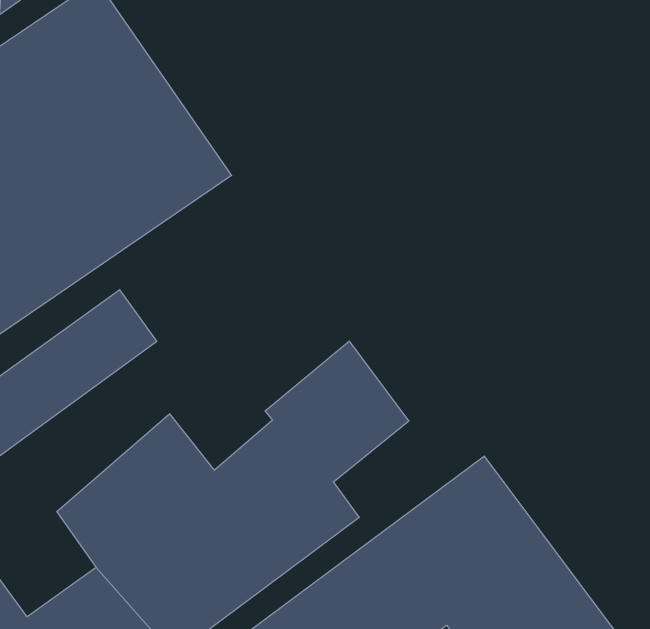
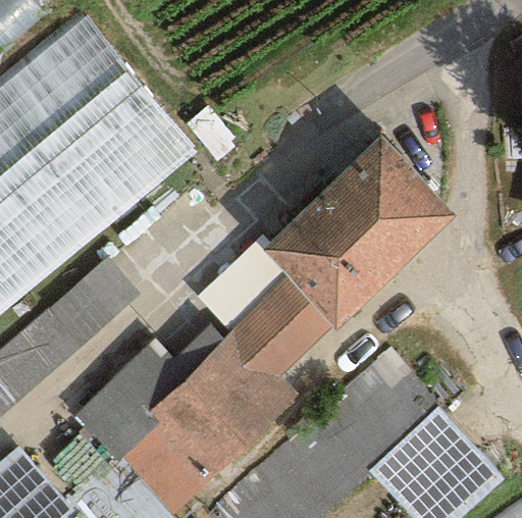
building: none -> [260,138,452,333]

